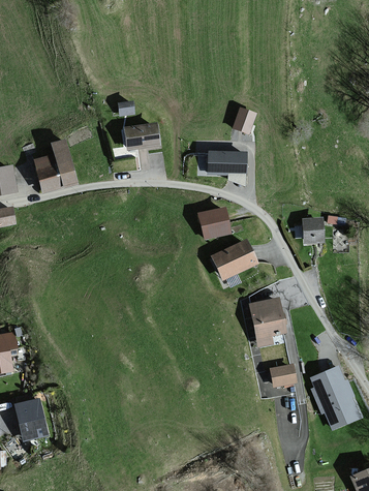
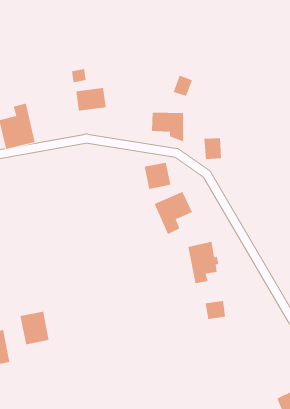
building: [302,218,322,243] -> [203,138,222,160]
building: [311,365,360,428] -> none
building: none -> [20,311,49,345]

